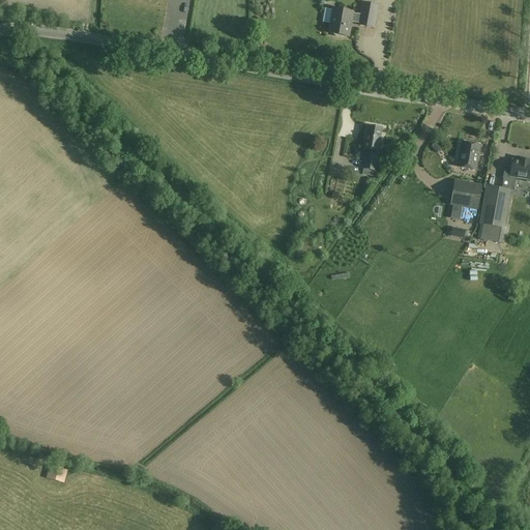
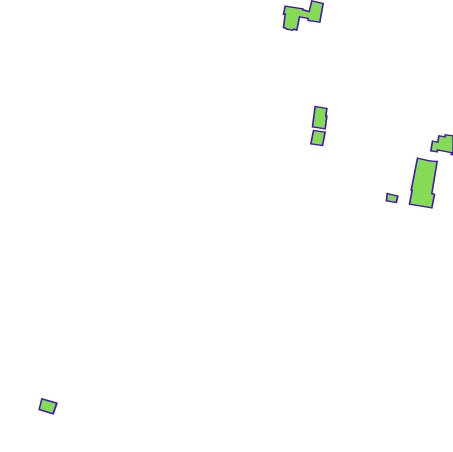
building: [458,141,480,169] -> none
building: [449,178,481,211] -> none

